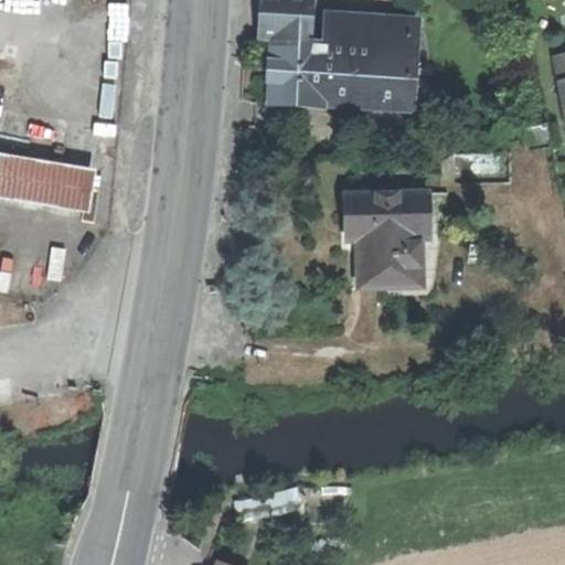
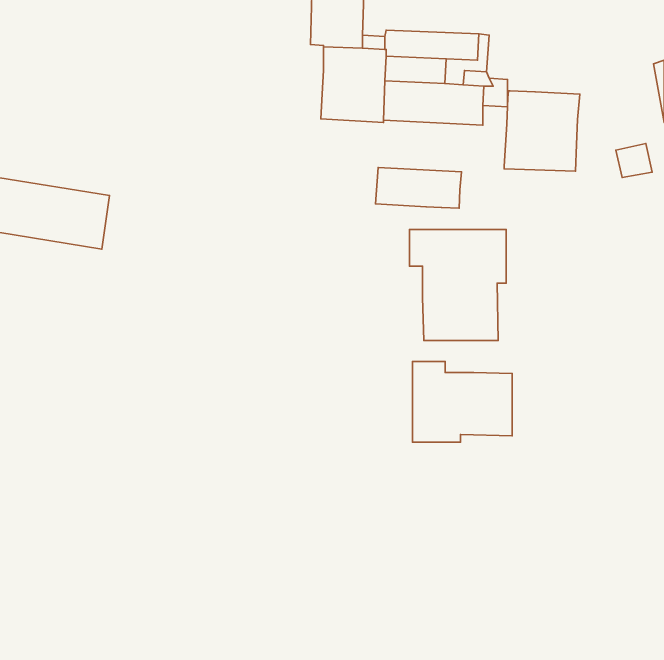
building: none -> [504,91,580,171]
building: none -> [376,167,462,208]
building: none -> [412,362,512,442]

